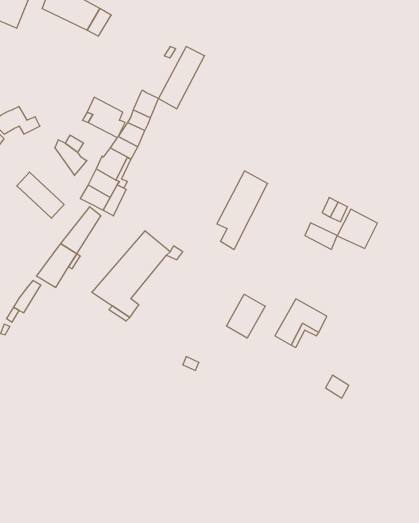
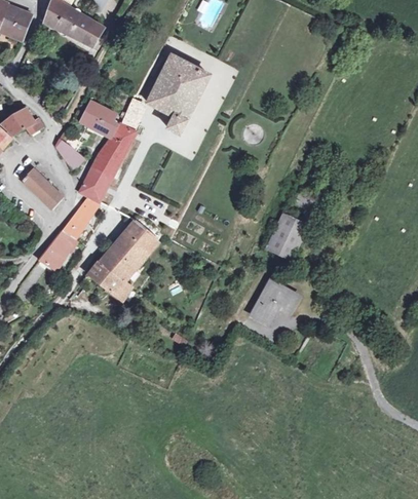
building: [217,171,268,249] -> [163,64,208,133]
building: [337,209,377,248] -> [265,224,301,259]
building: [226,294,265,338] -> none

